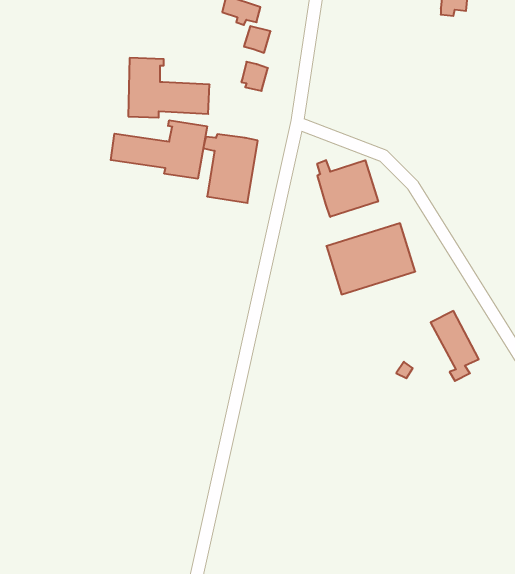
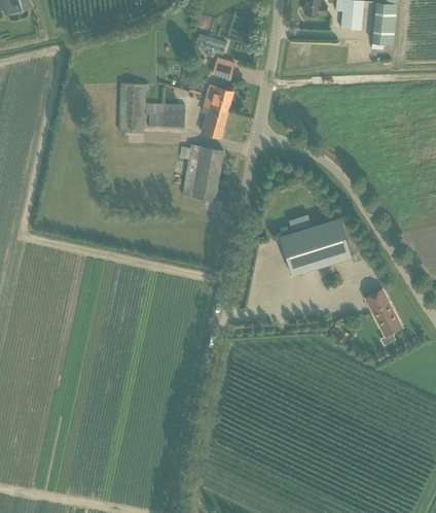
building: none -> [201,96,226,137]
building: [111,120,207,179] -> none
building: [317,160,378,217] -> none

